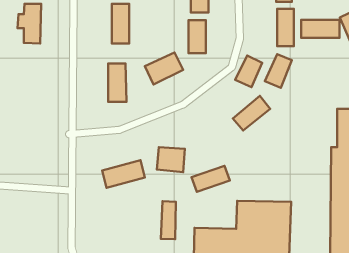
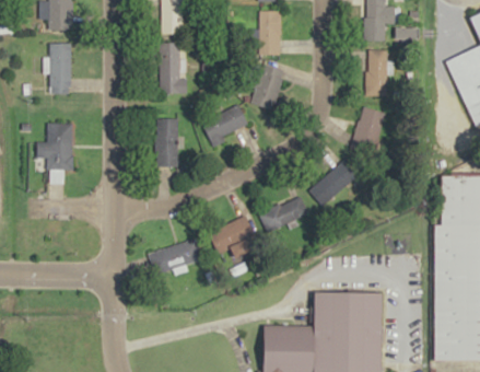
building: [301,20,340,38] -> none
building: [235,56,262,87] -> none
building: none -> [33,123,72,184]
building: [191,166,230,192] -> [260,197,308,230]
building: [161,201,176,239] -> none

